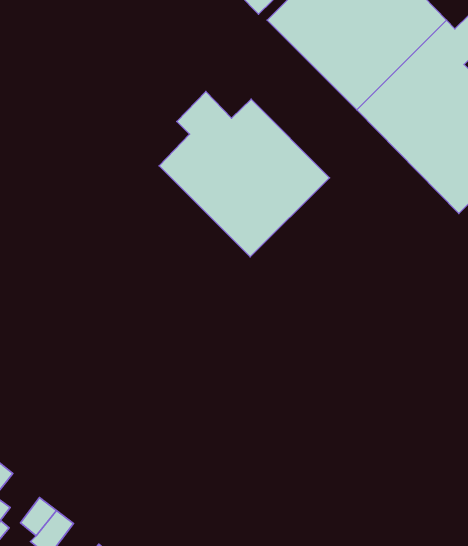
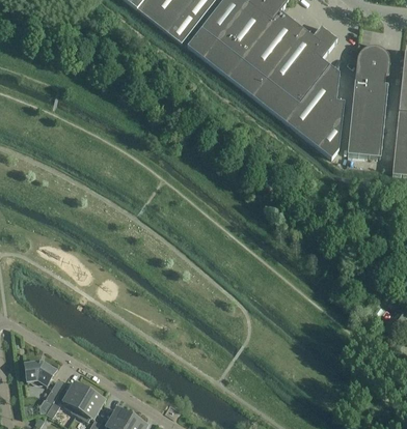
building: [159,92,329,257] -> none

